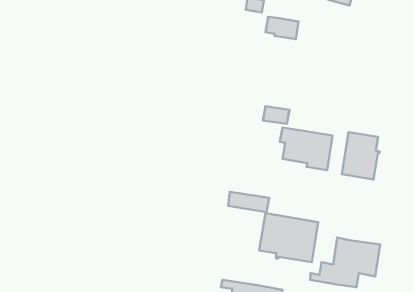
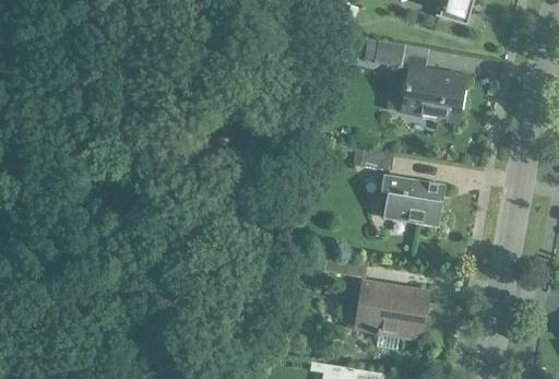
building: none -> [402,69,465,122]
building: [342,132,380,180] -> none
building: [310,238,380,287] -> none

